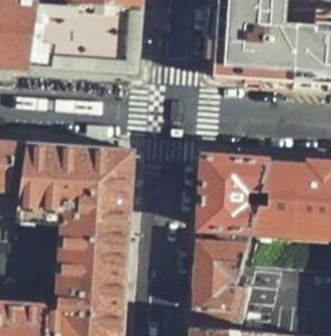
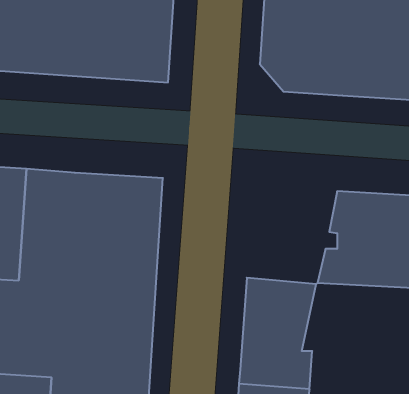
building: [199,155,269,232] -> none

